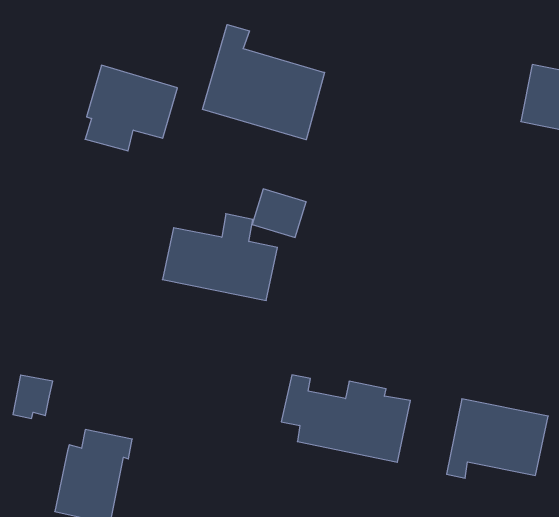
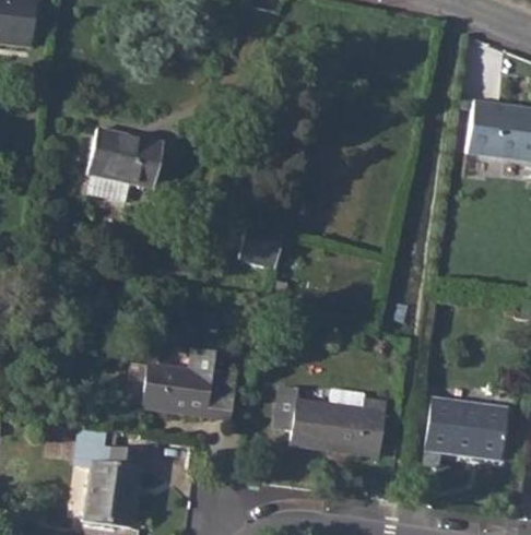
building: [203,25,325,140] -> none
building: [162,214,277,300] -> [141,346,239,419]
building: [13,375,53,418] -> [73,429,106,466]

